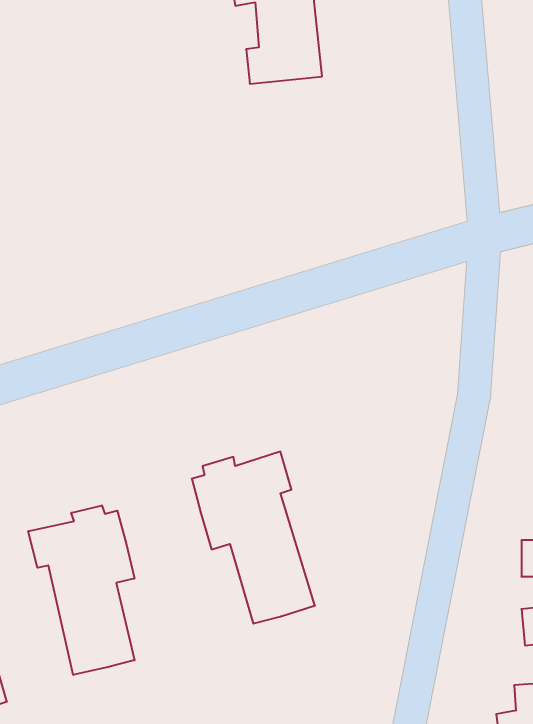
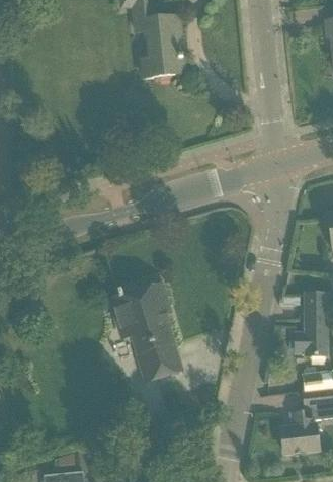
building: [28,505,135,675] -> none

